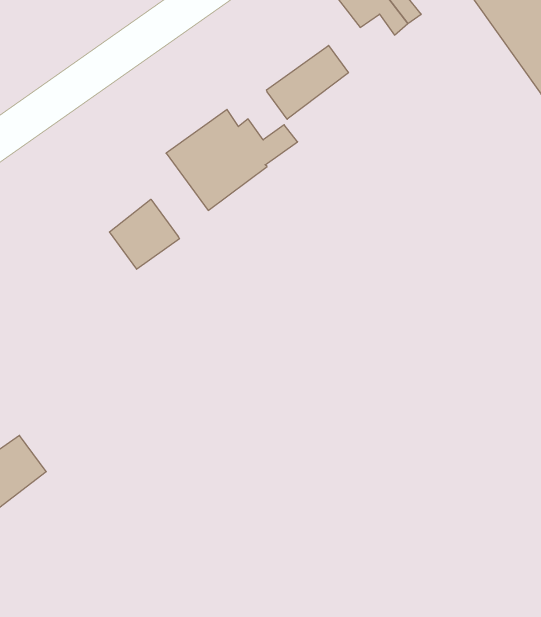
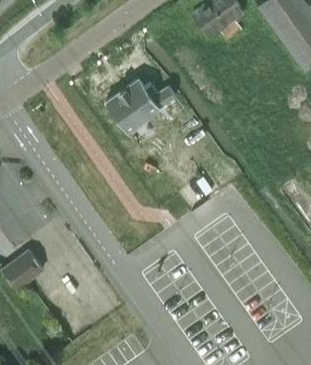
building: [267,45,348,119] -> none
building: [109,199,179,269] -> none

